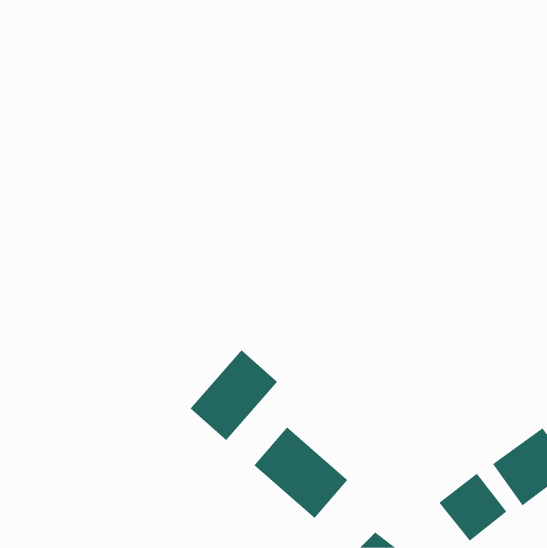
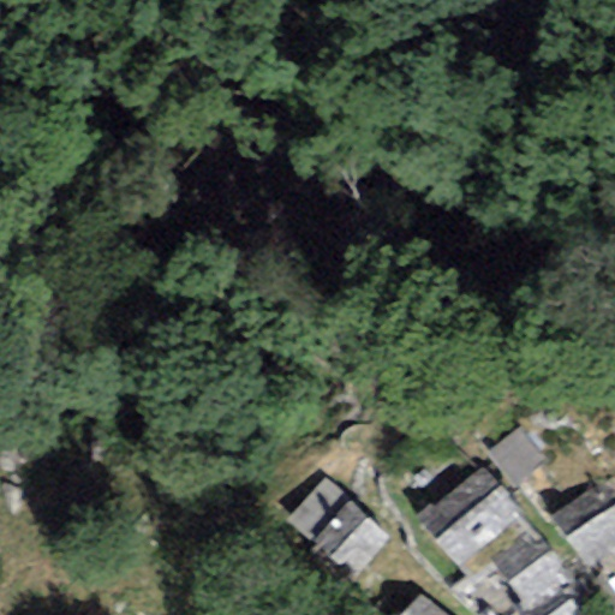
building: [190,349,278,441] -> none
building: none -> [414,466,523,567]

